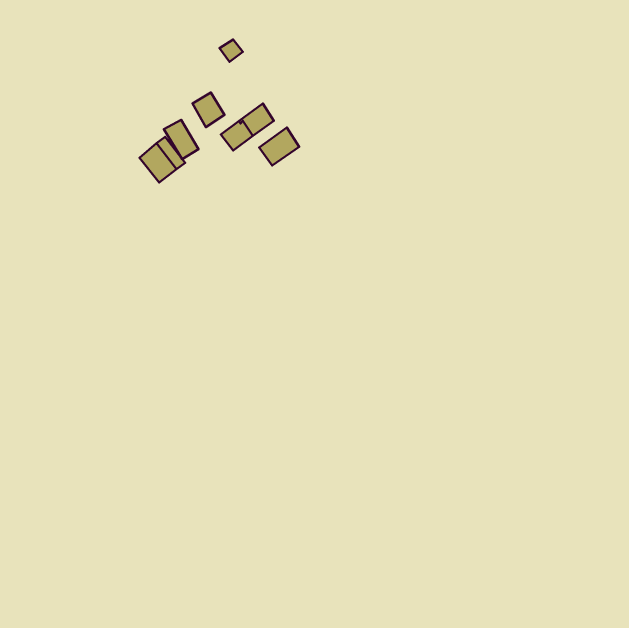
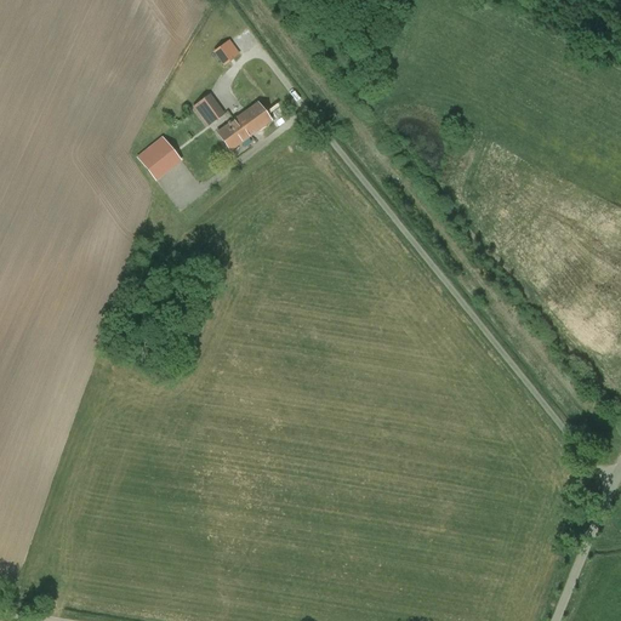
building: [164,120,198,159] -> none
building: [259,128,299,166] -> none

